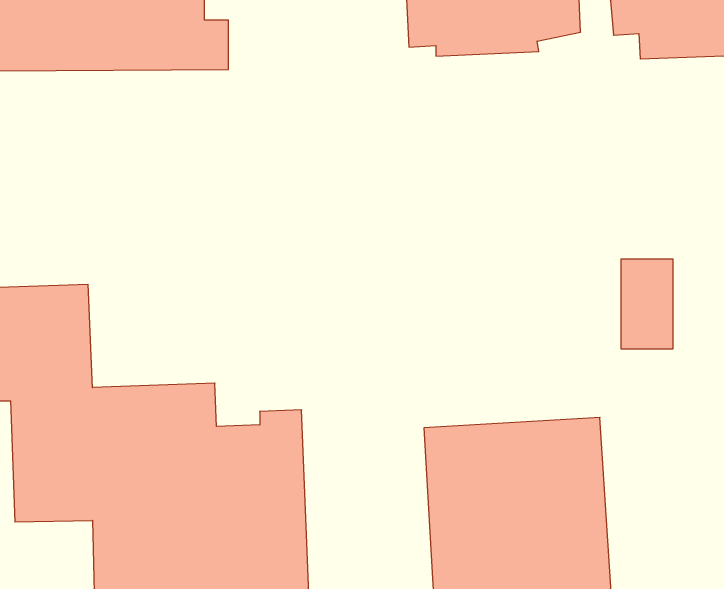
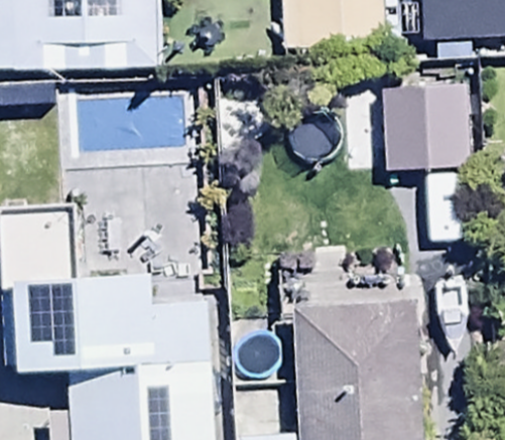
building: none -> [385,92,467,168]

